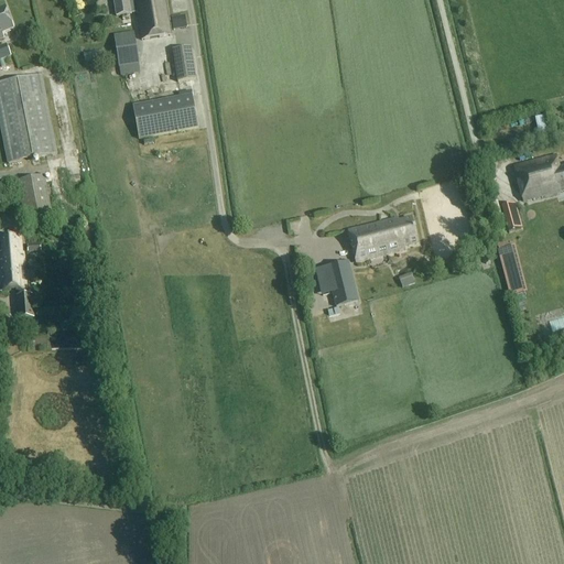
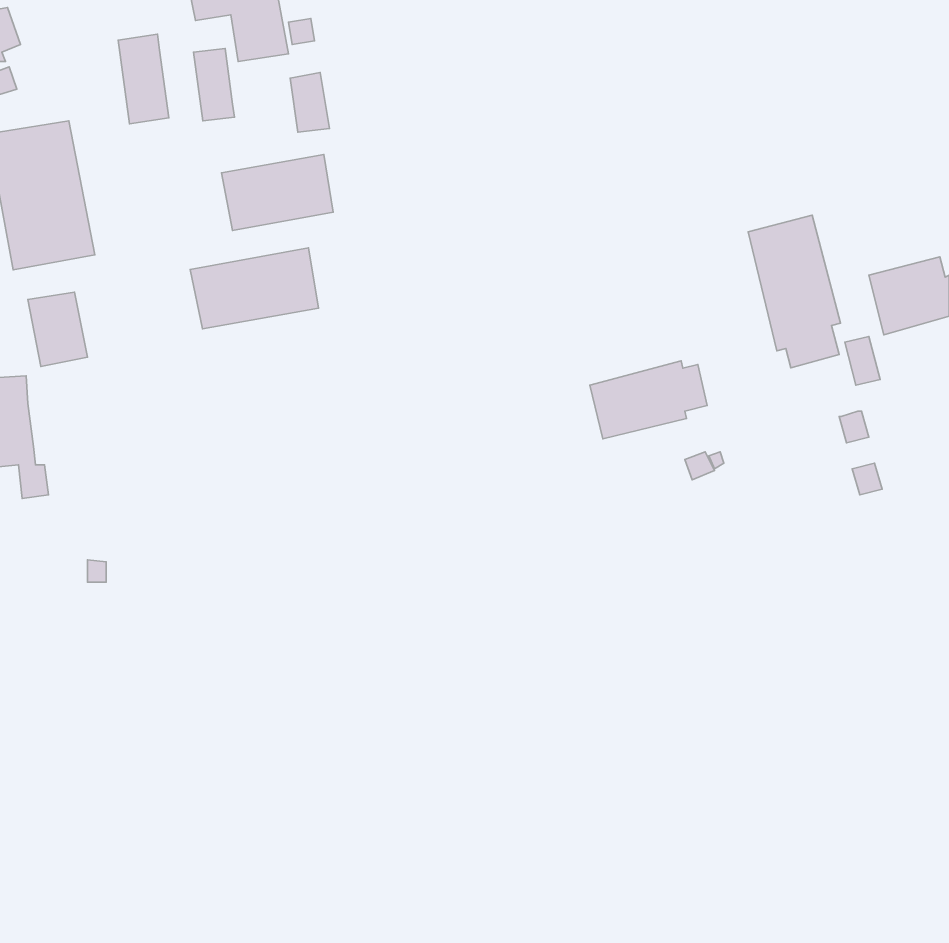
building: none -> [118,34,169,124]
building: none -> [748,215,841,368]
building: none -> [190,248,319,329]
building: [324,257,357,303] -> none

